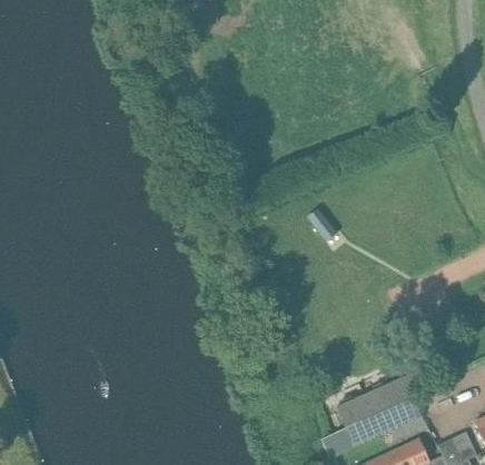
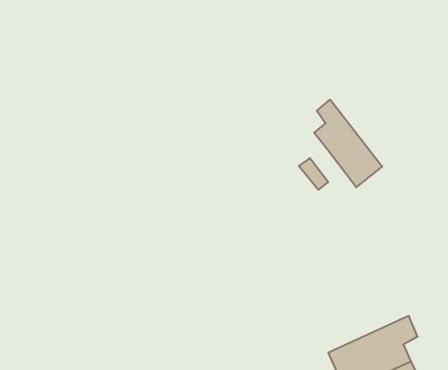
building: none -> [314,100,382,187]

